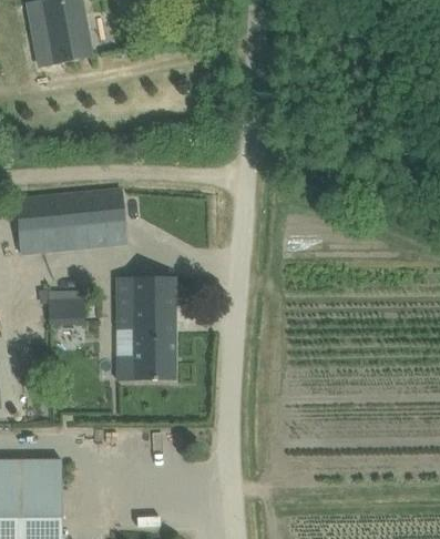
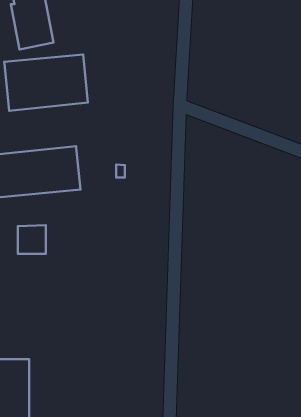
building: none -> [4,54,88,111]
building: [116,278,175,380] -> none

